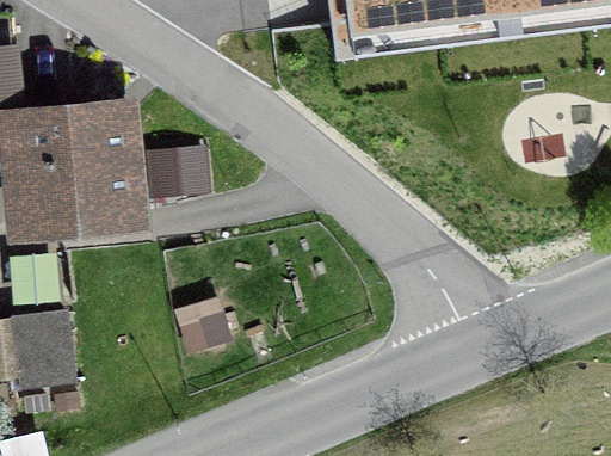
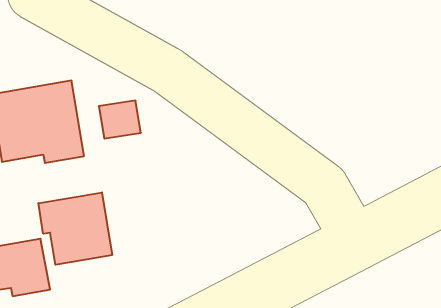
building: none -> [38,192,112,265]

